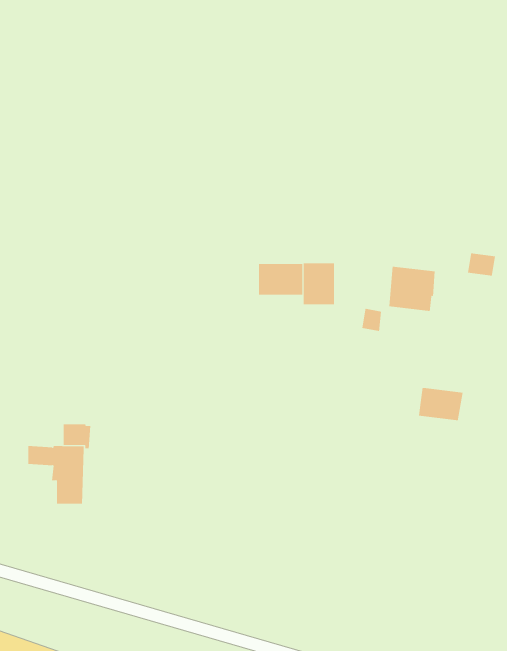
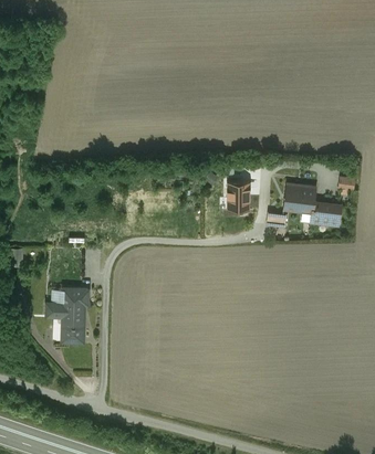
building: [258,263,303,295] -> none
building: [418,387,464,421] -> [311,203,341,225]

